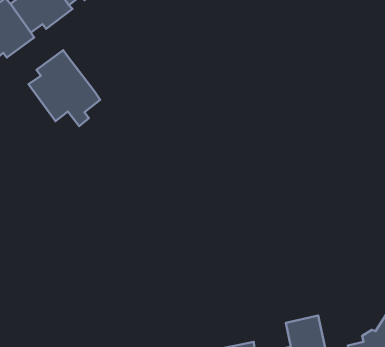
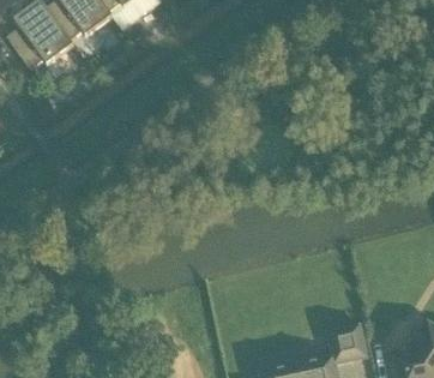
building: [28,50,100,126] -> none

